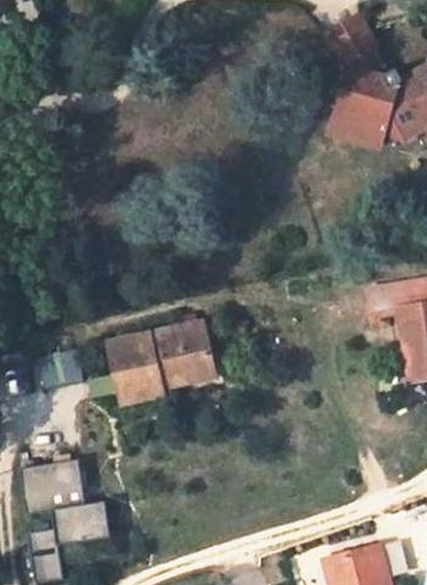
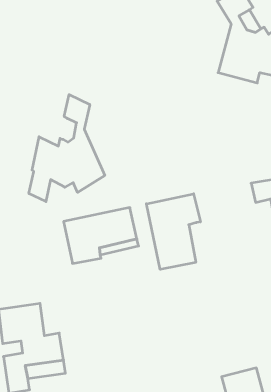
building: none -> [29,95,105,202]
building: none -> [146,194,200,269]

